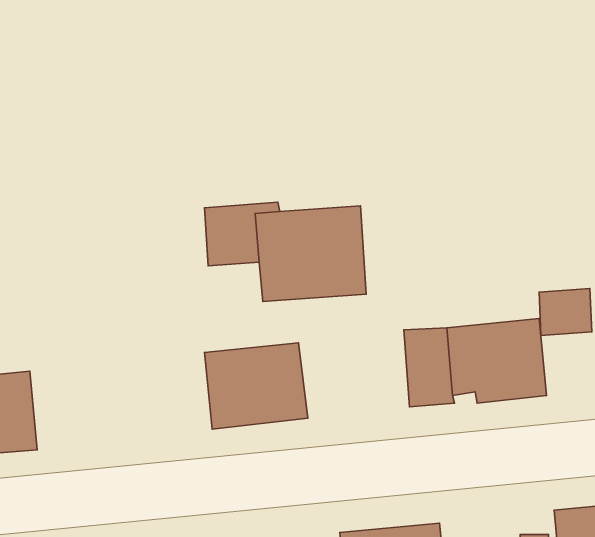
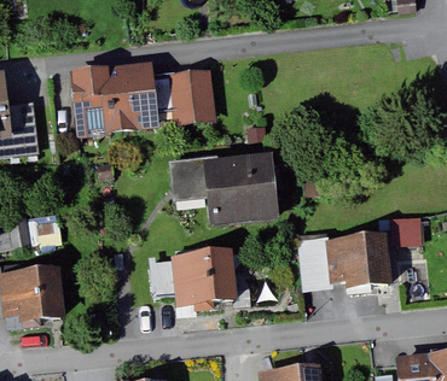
building: none -> [70,60,215,134]

